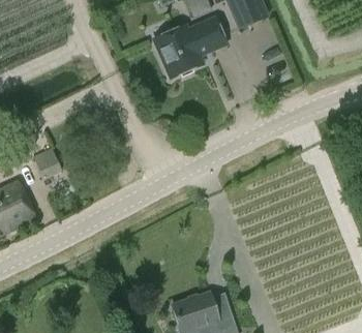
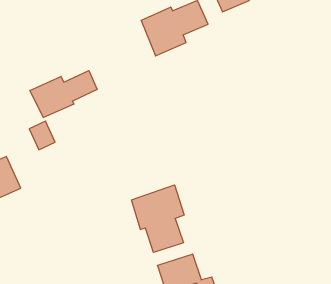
building: none -> [30,71,97,118]
building: none -> [131,185,184,252]

